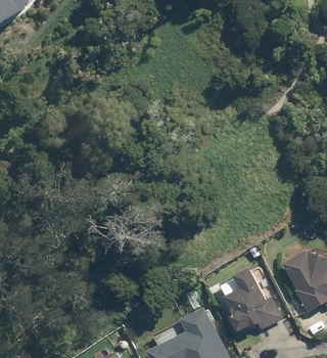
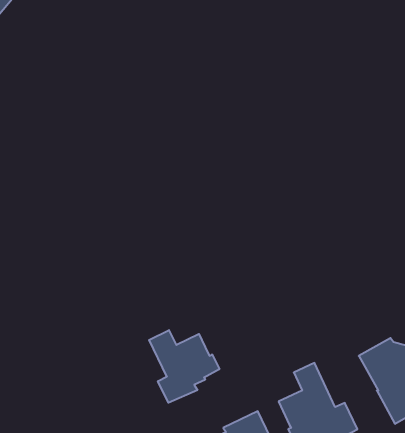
building: none -> [149,330,219,403]

